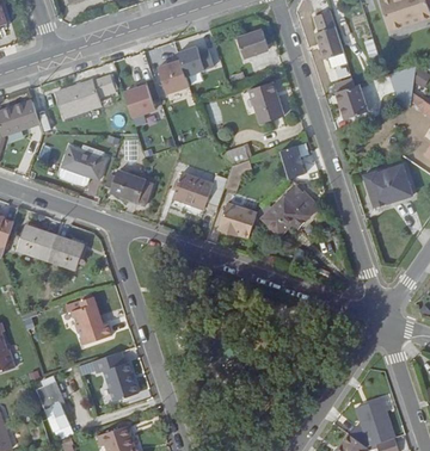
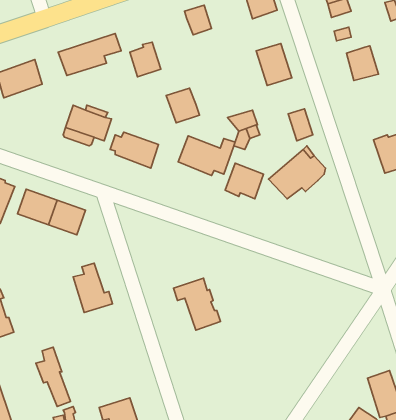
building: [159,58,191,92] -> [166,88,200,123]
building: [92,350,137,400] -> [174,278,221,330]

